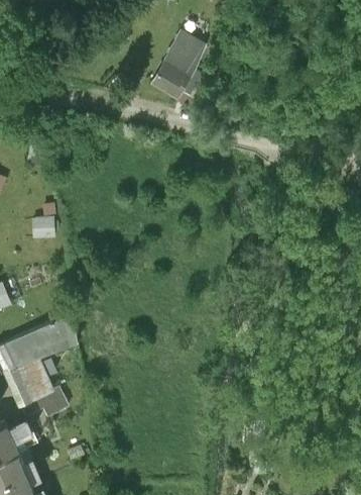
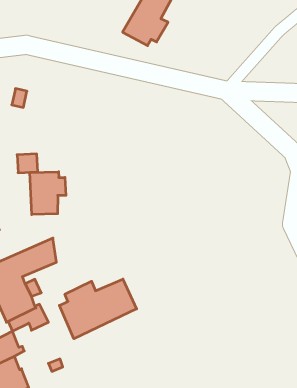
building: none -> [30,172,66,215]
building: none -> [59,279,137,339]

